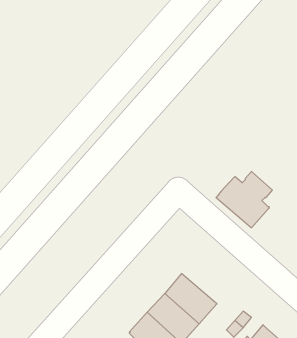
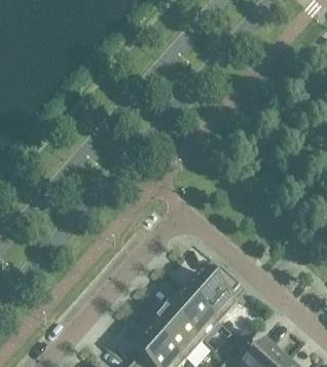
building: [216,171,272,228] -> [184,265,240,321]

